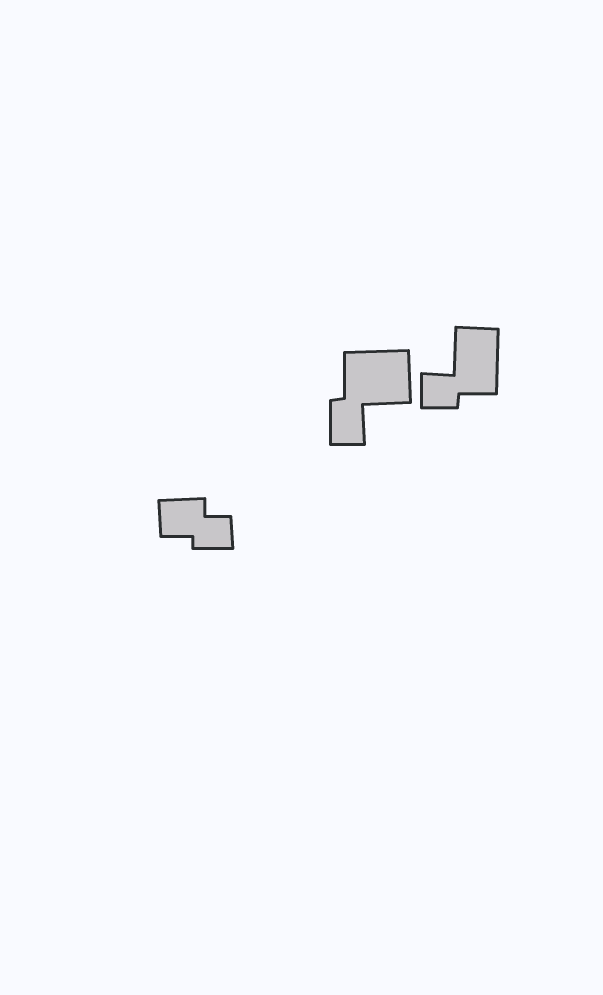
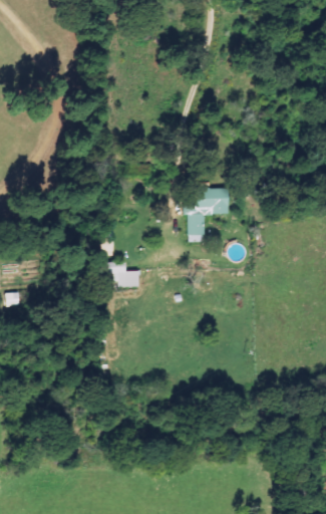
building: [422,327,498,408] -> none

